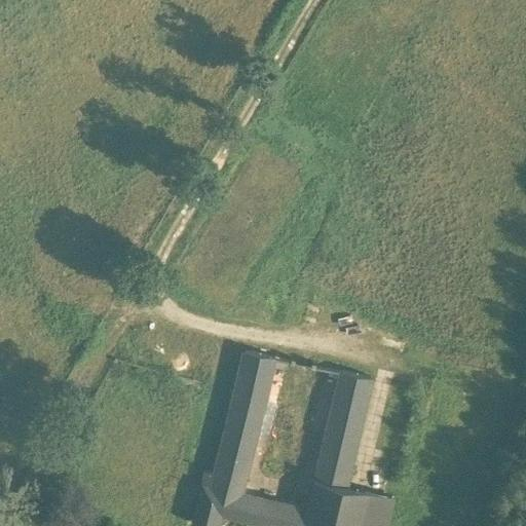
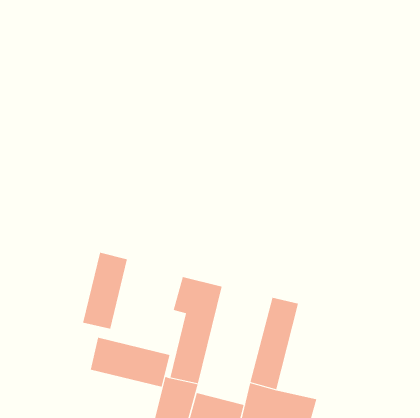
building: none -> [83,252,127,330]
building: none -> [90,337,170,387]

